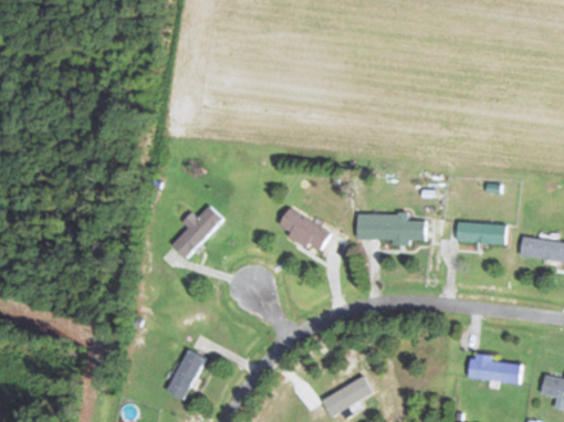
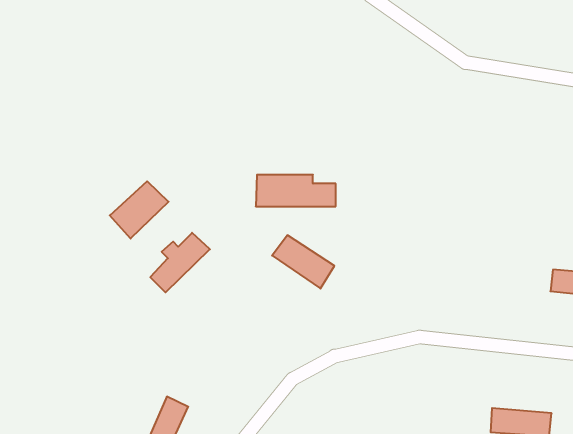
building: none -> [110,181,169,239]
building: [357,213,427,241] -> [256,175,336,206]
building: [457,222,506,244] -> none

